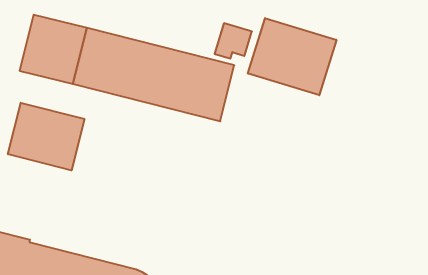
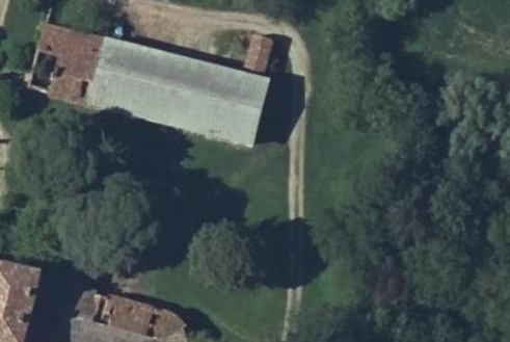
building: [248,18,336,95] -> none
building: [8,103,84,170] -> none

